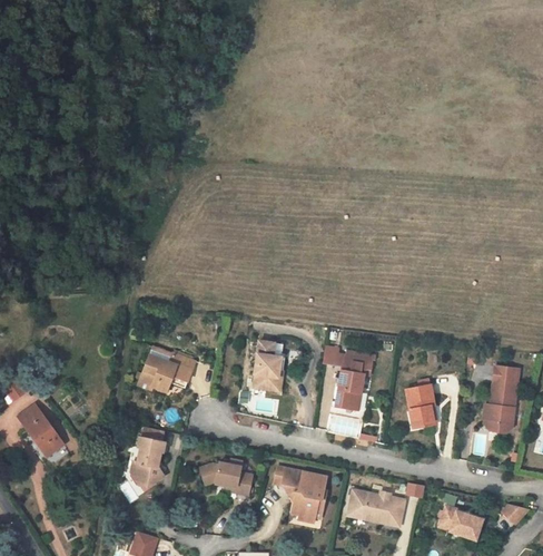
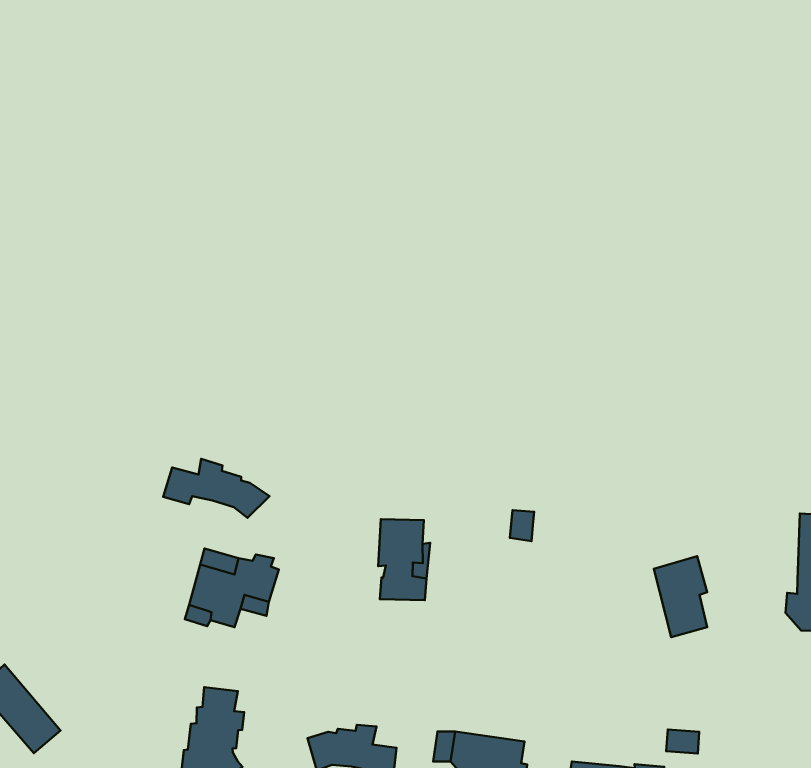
building: none -> [163,459,269,518]
building: [339,350,381,410] -> none

